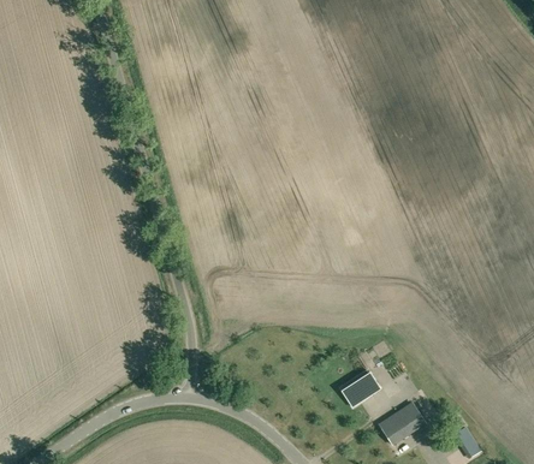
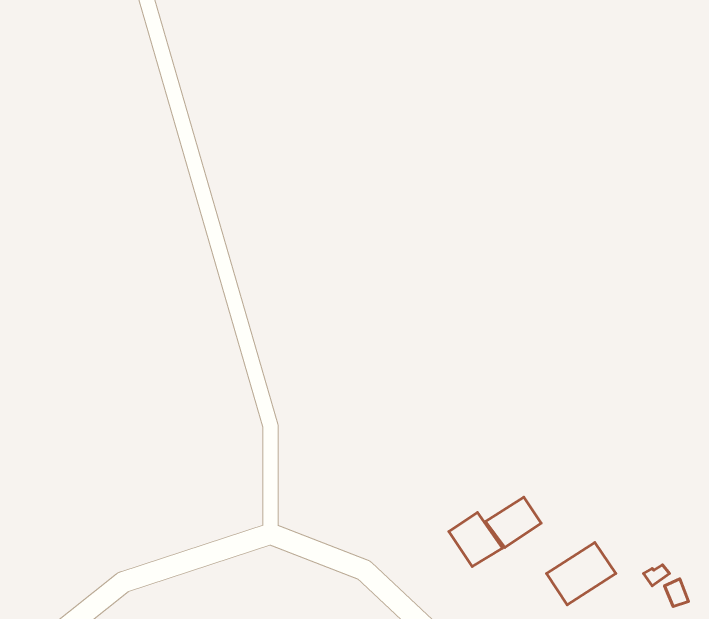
building: none -> [449,512,502,566]

